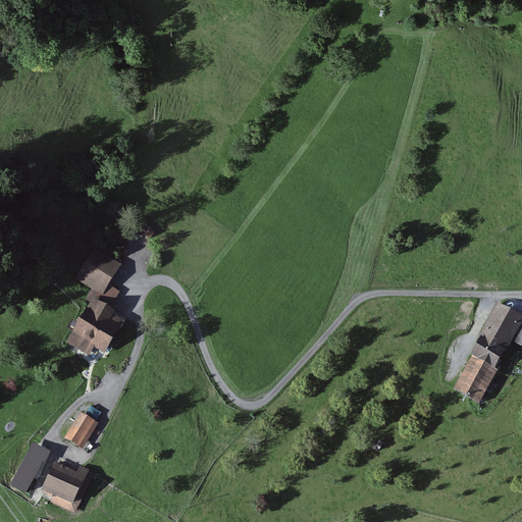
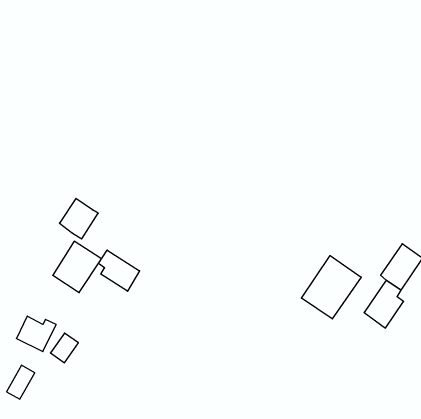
building: none -> [98,250,140,291]
building: none -> [301,256,361,319]
building: [43,460,92,504] -> [16,316,56,352]

